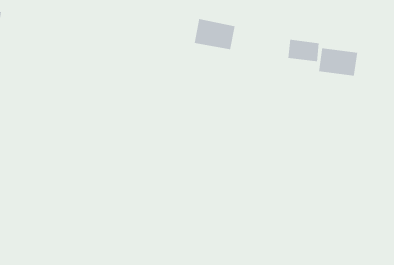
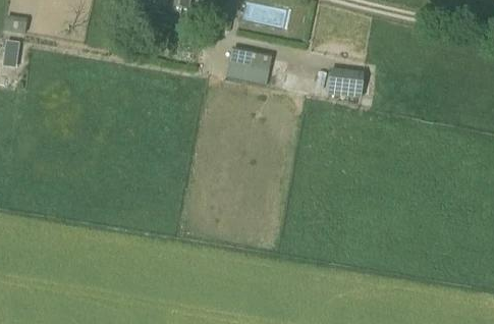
building: [318,48,358,76] -> none

